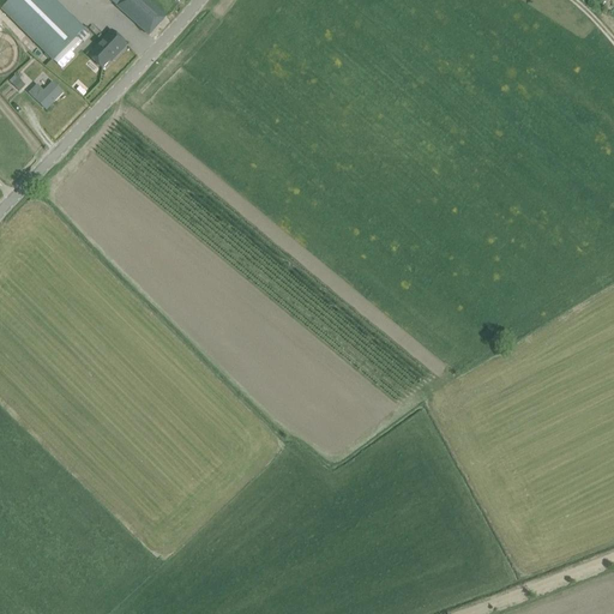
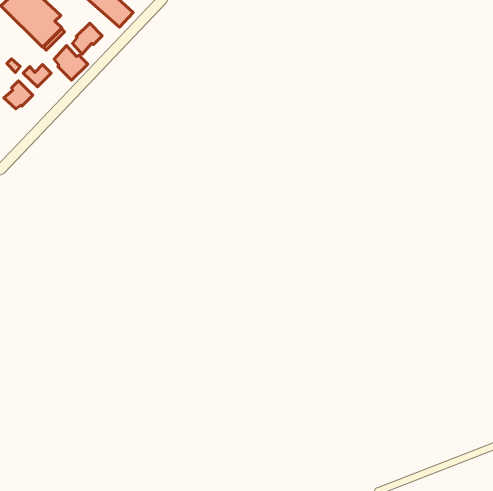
building: none -> [54,46,88,80]
building: none -> [4,81,33,109]

